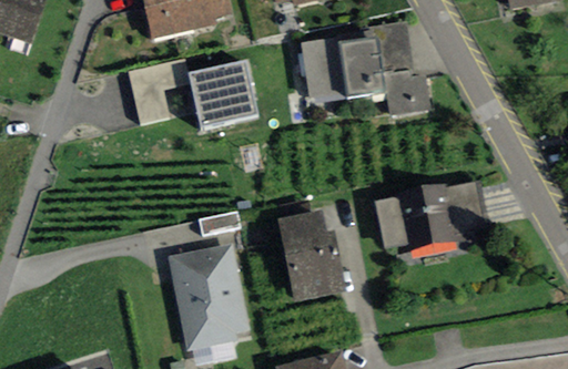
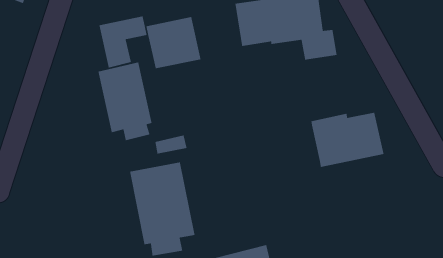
building: none -> [97,62,152,141]
building: [374,197,407,248] -> none
building: [276,209,345,301] -> none

